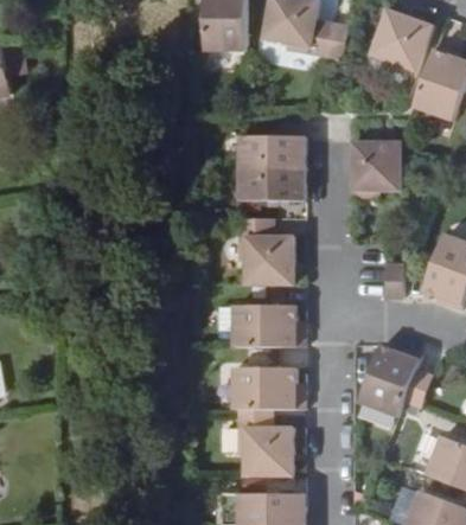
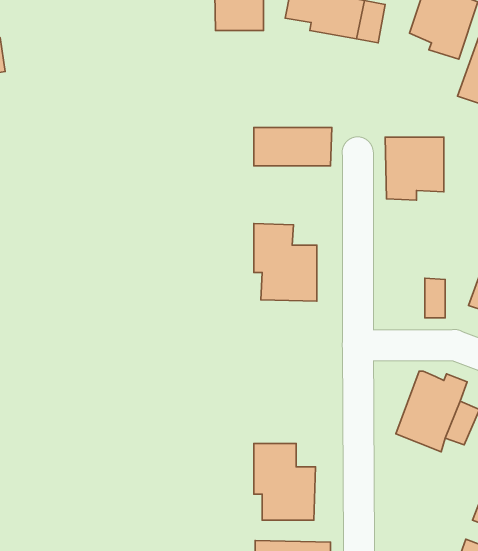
building: [236,167,302,199] -> none
building: [230,305,302,346] -> none
building: [230,366,302,409] -> none

